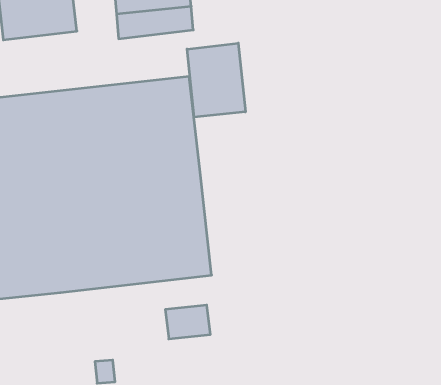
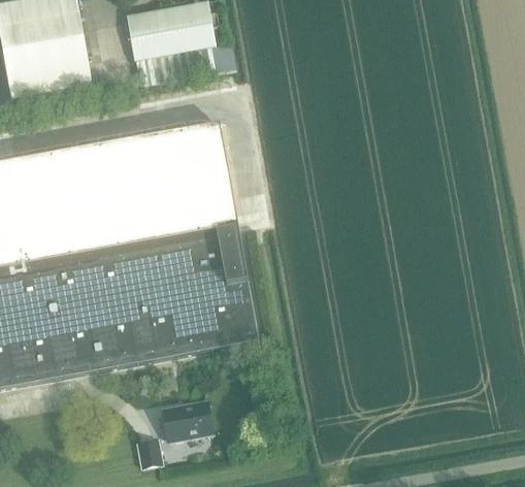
building: [187,43,245,117] -> none
building: [165,305,210,339] -> [160,402,211,443]

